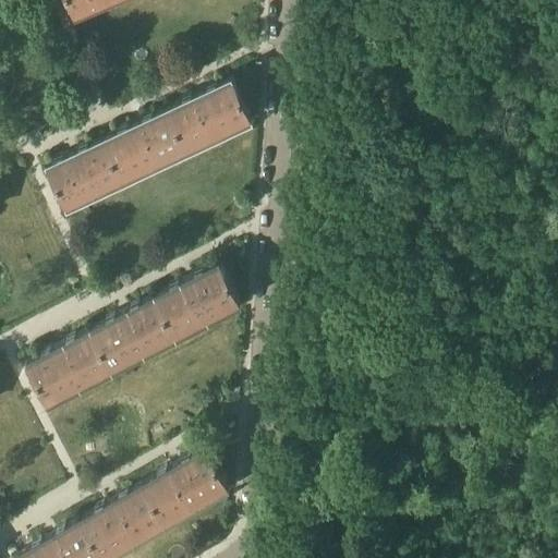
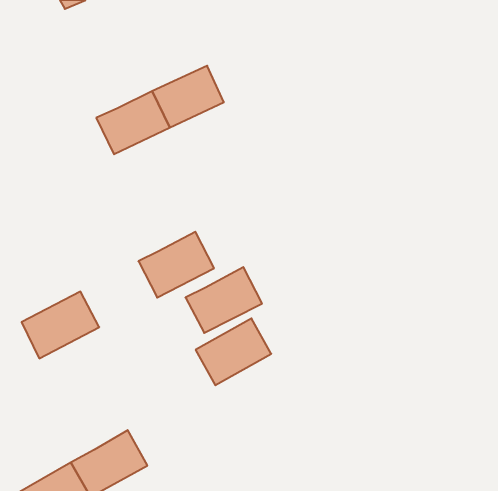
building: [44,143,126,213] -> none
building: [89,302,174,375] -> [185,267,262,333]
building: [142,454,226,529] -> [196,318,271,385]

